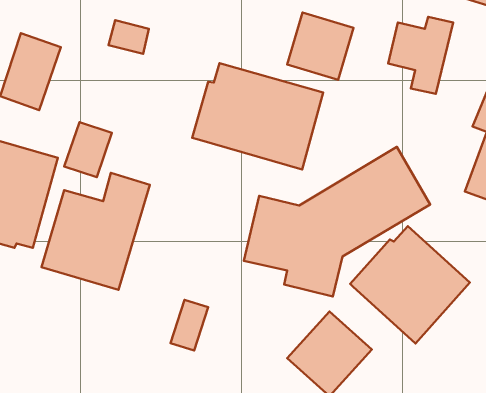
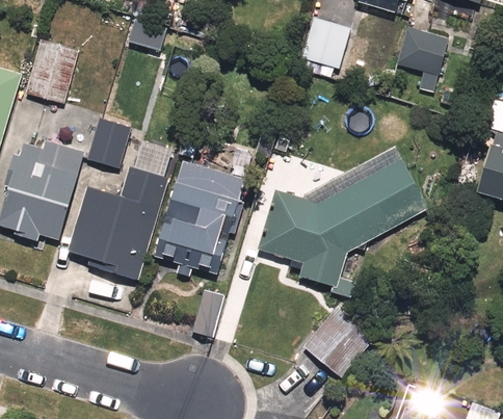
building: [192,63,323,170] -> none
building: none -> [152,164,237,270]
building: [350,226,470,344] -> none

